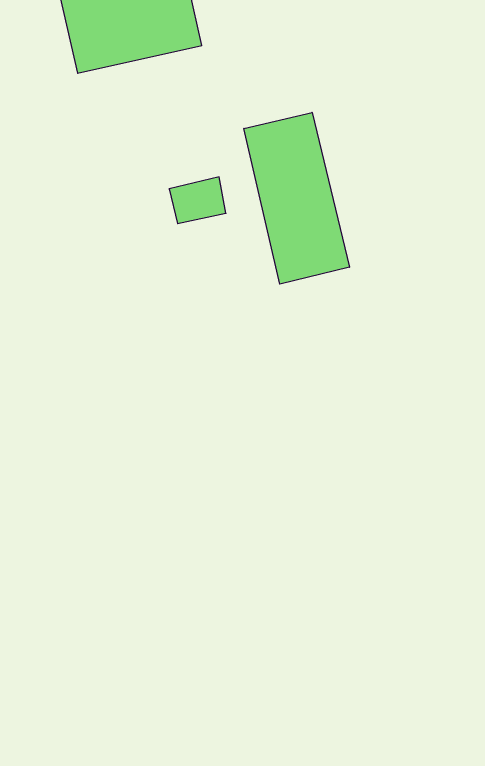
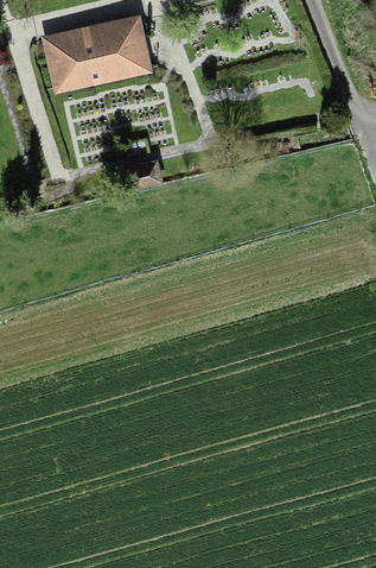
building: [244,112,349,284] -> none

